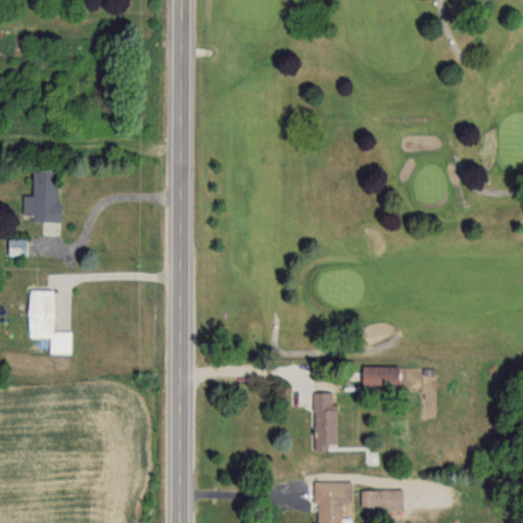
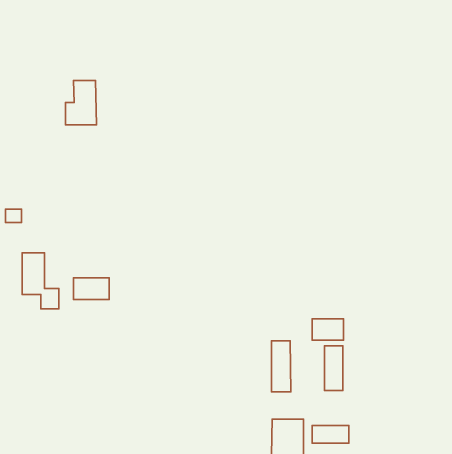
building: [23,171,59,222] -> [65,80,96,125]
building: none -> [73,278,109,299]
building: none -> [325,346,343,391]

